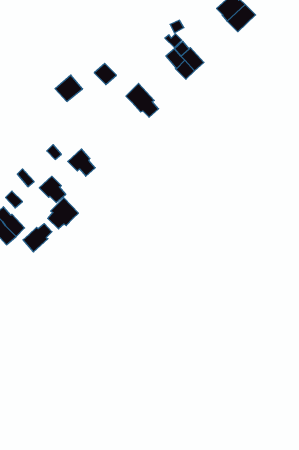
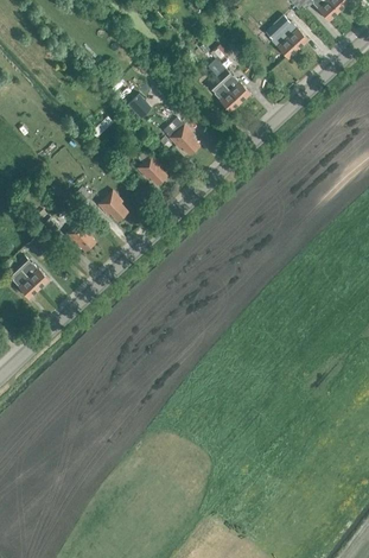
building: none -> [136,151,167,184]
building: [48,198,78,229] -> none
building: [23,224,52,252] -> none

